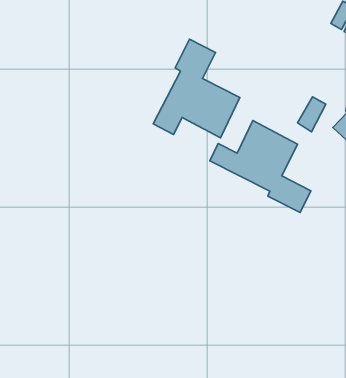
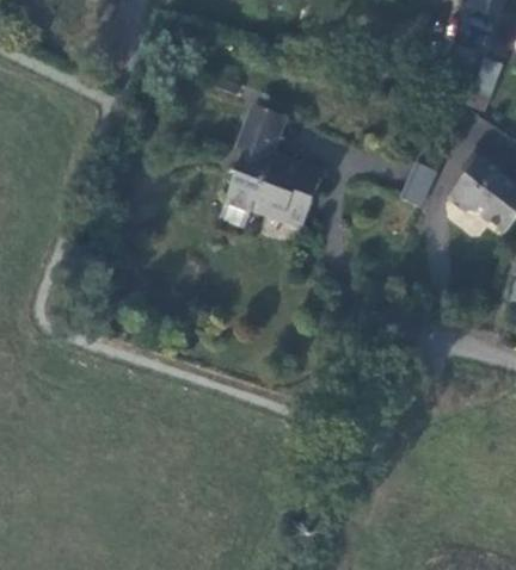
building: [210,120,311,213] -> none

